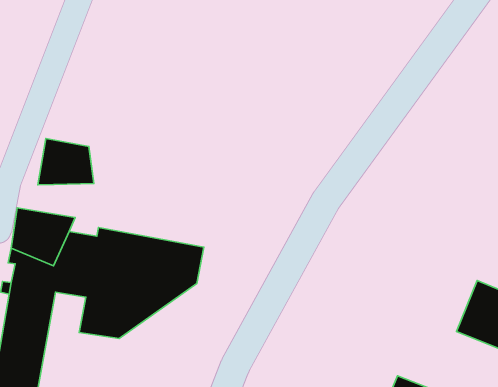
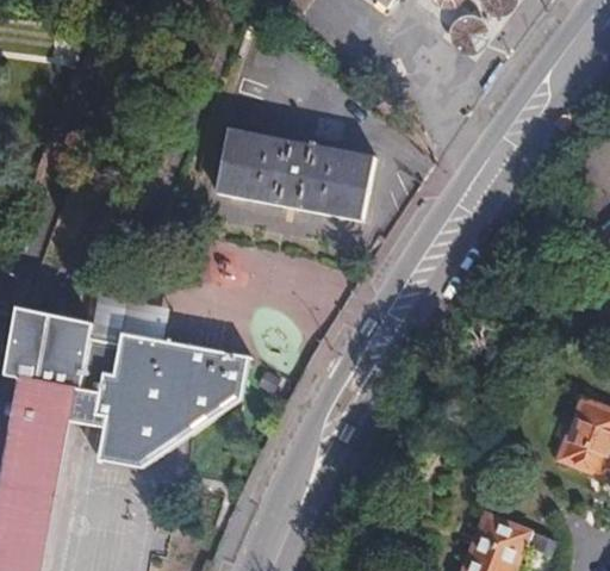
building: none -> [211,125,367,216]
building: [38,138,94,185] -> none

